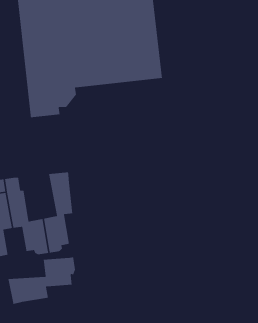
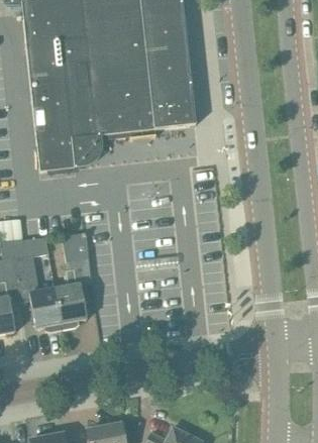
building: [8,257,76,305] -> none

